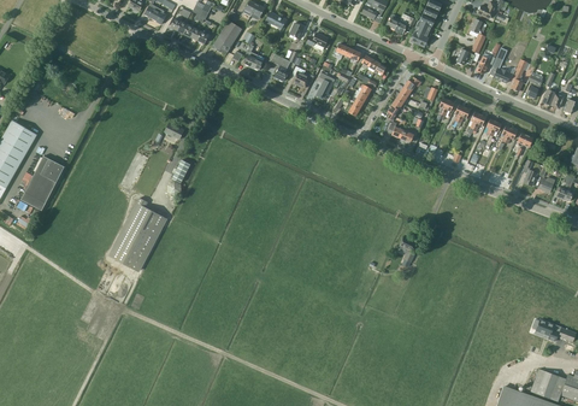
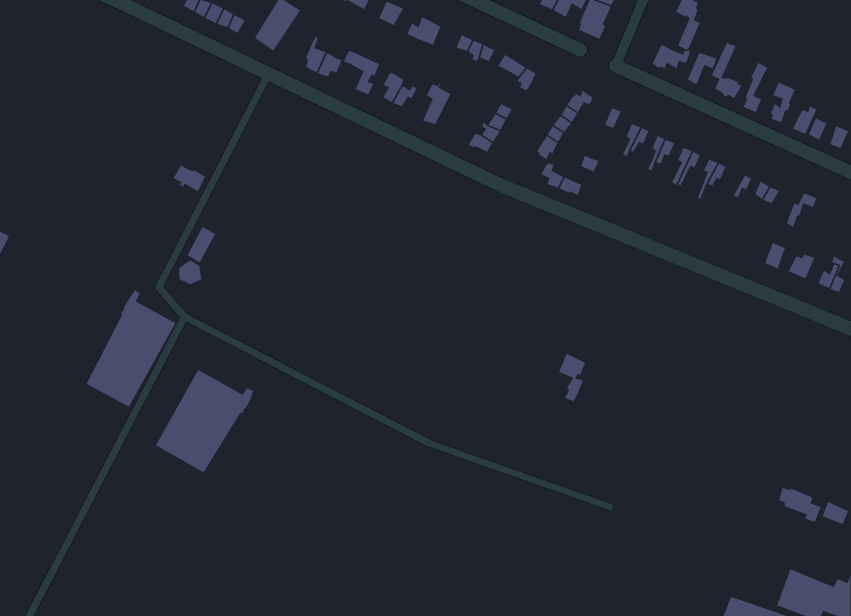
building: none -> [155,369,254,473]

